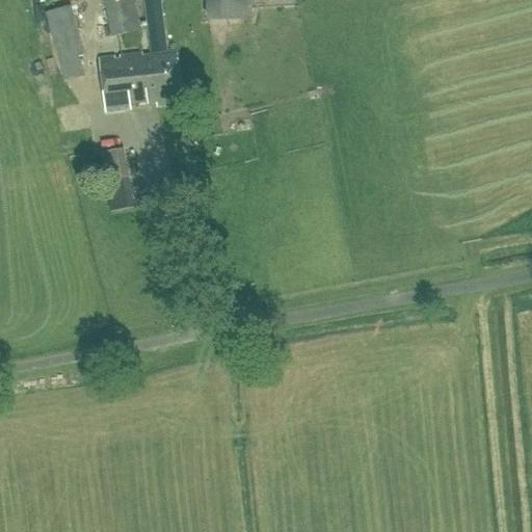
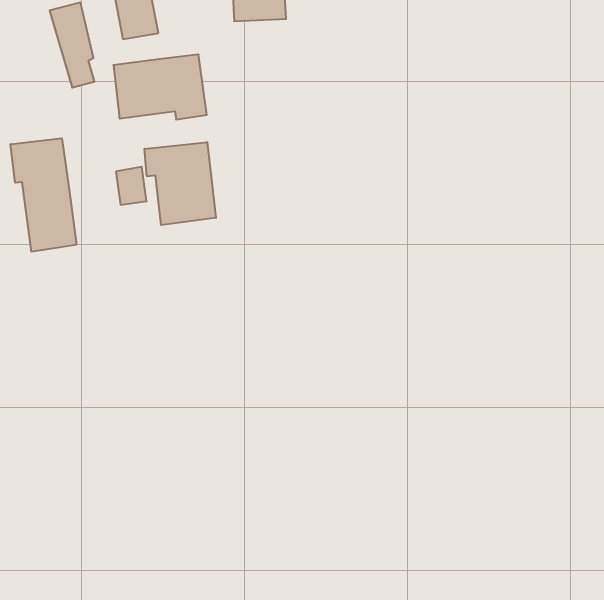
building: none -> [11,138,76,252]
building: none -> [145,142,216,225]

